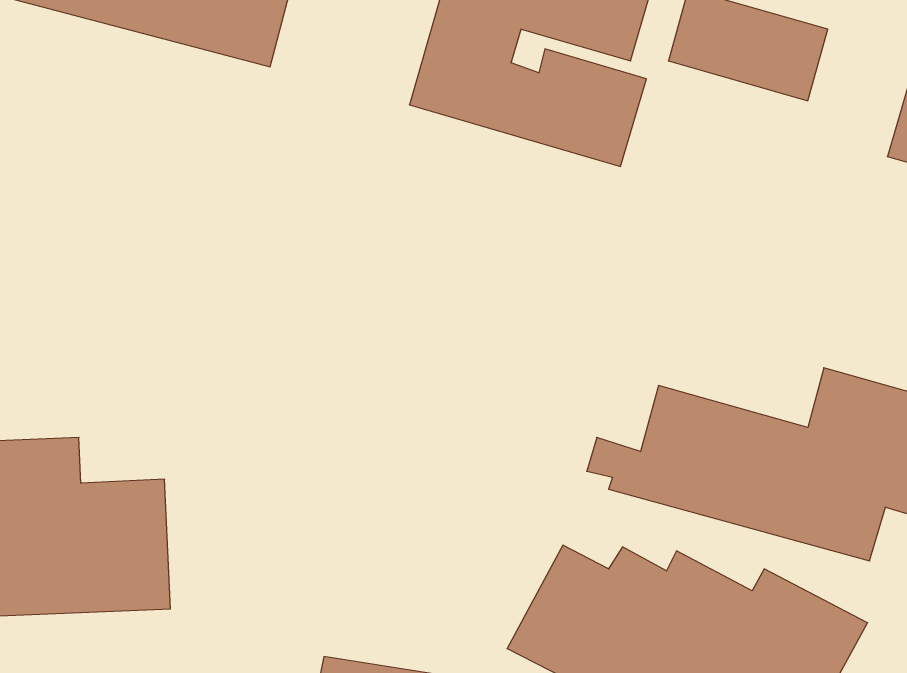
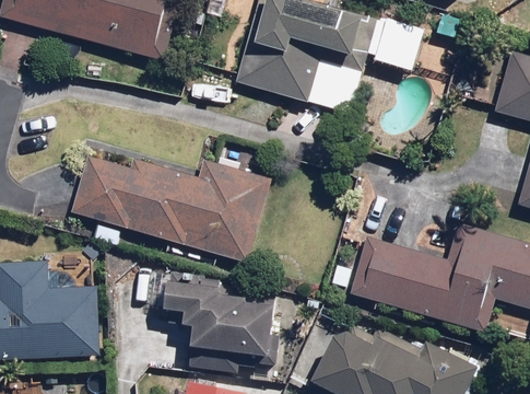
building: none -> [70,157,273,263]
building: none -> [165,280,273,372]

